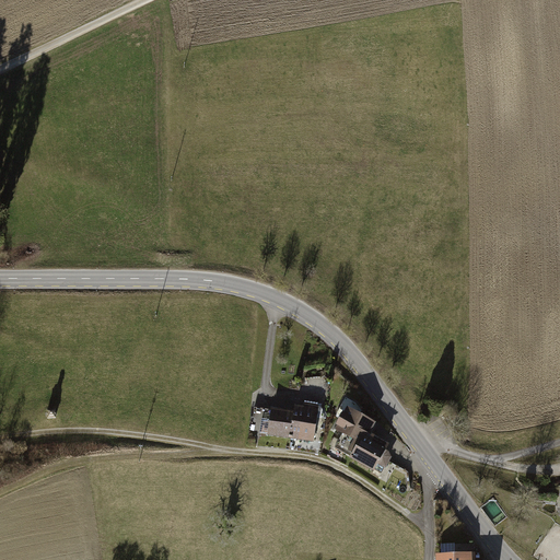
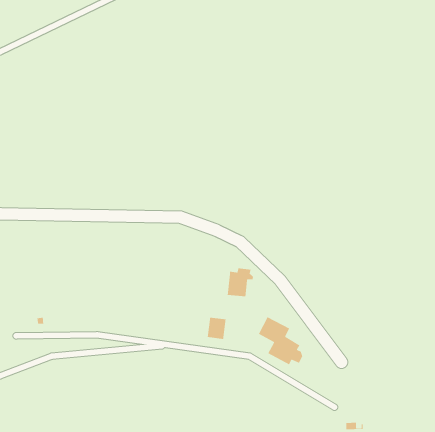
building: [288,400,323,439] -> [227,267,254,297]

